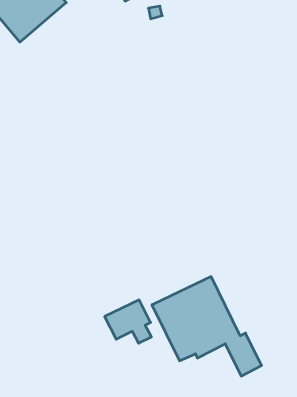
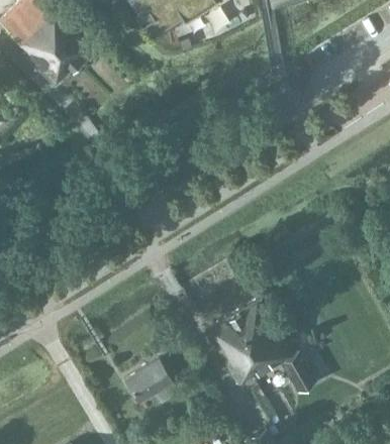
building: [105,300,151,343] -> [126,361,174,404]

